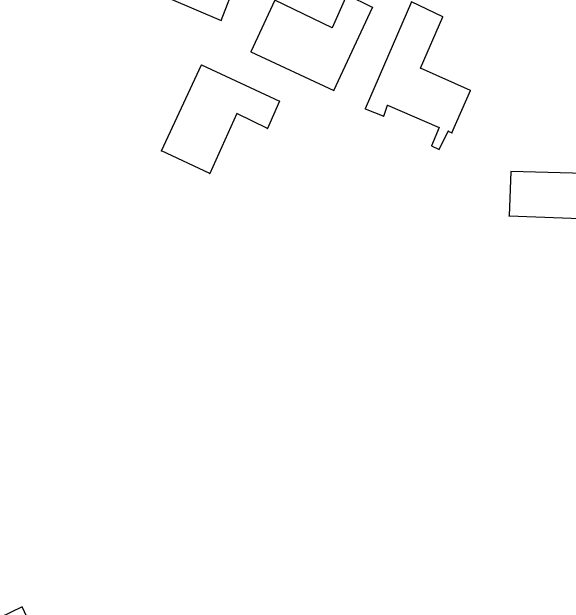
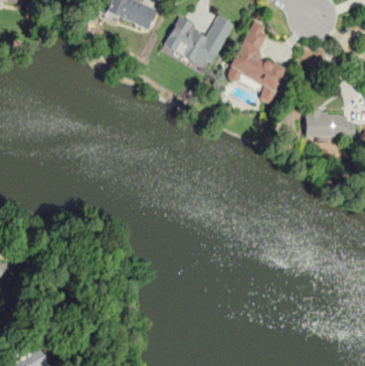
building: [161,65,279,174] -> none

